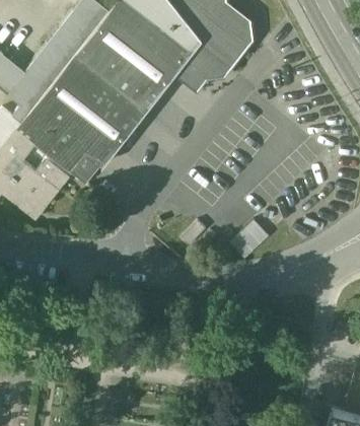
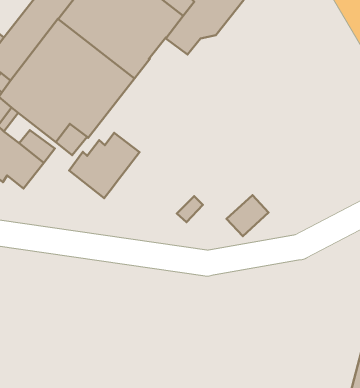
building: none -> [69,133,140,198]

